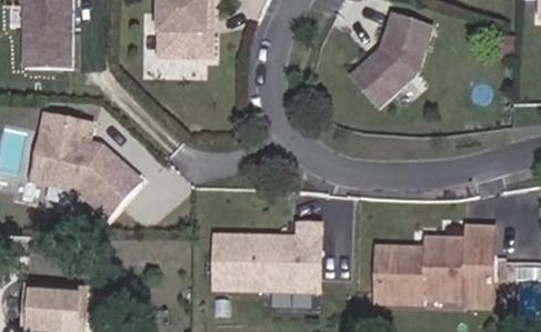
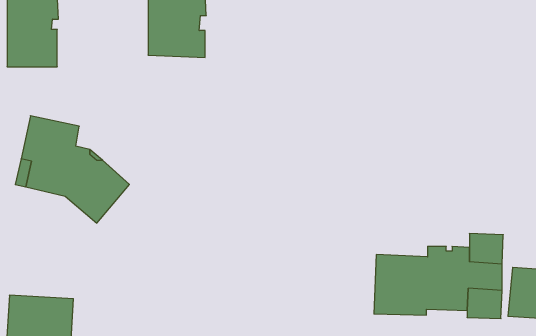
building: [348,12,432,109] -> none
building: [212,223,320,291] -> none

